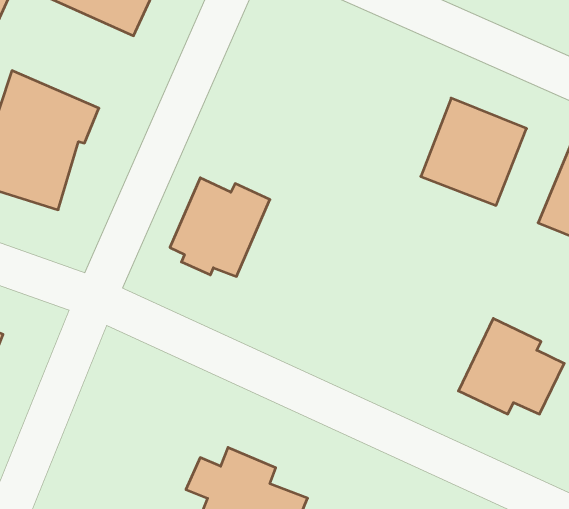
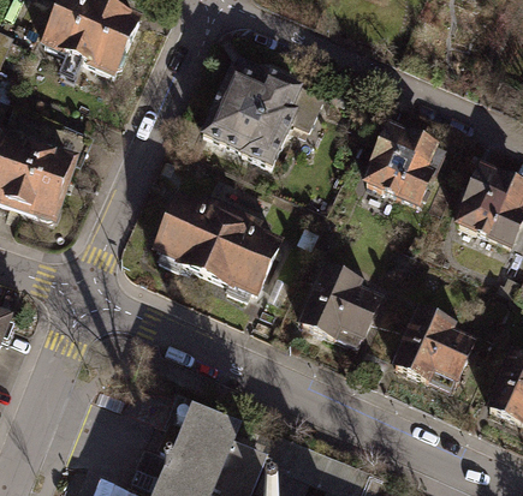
building: none -> [201,58,323,165]
building: none -> [203,207,284,298]
building: none -> [292,264,382,346]

